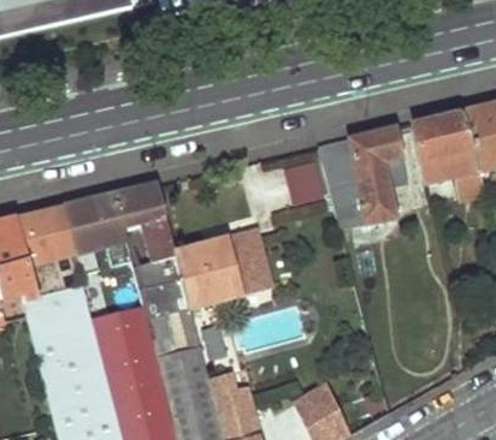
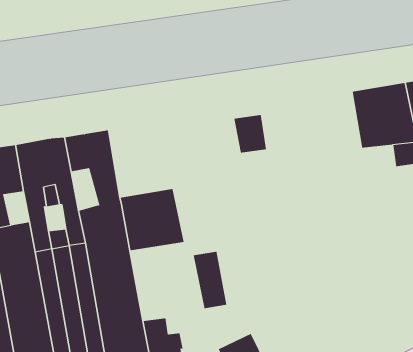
building: [320,126,409,226] -> none
building: [231,232,271,293] -> [193,251,227,309]

